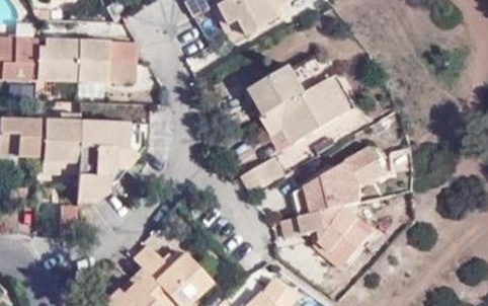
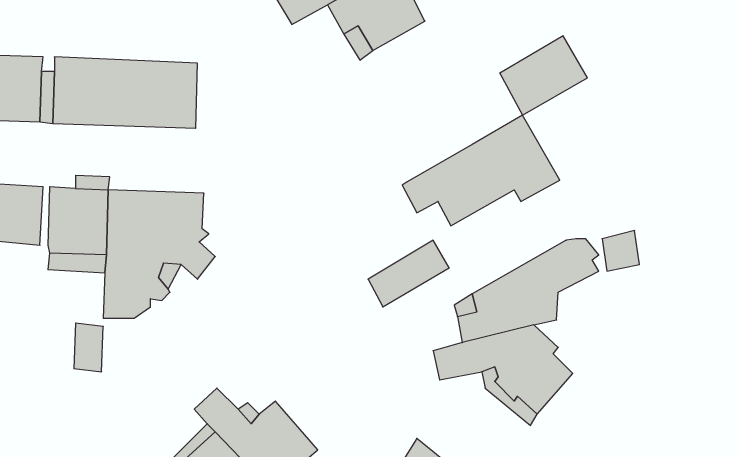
building: [251,66,306,116] -> [500,36,587,115]

